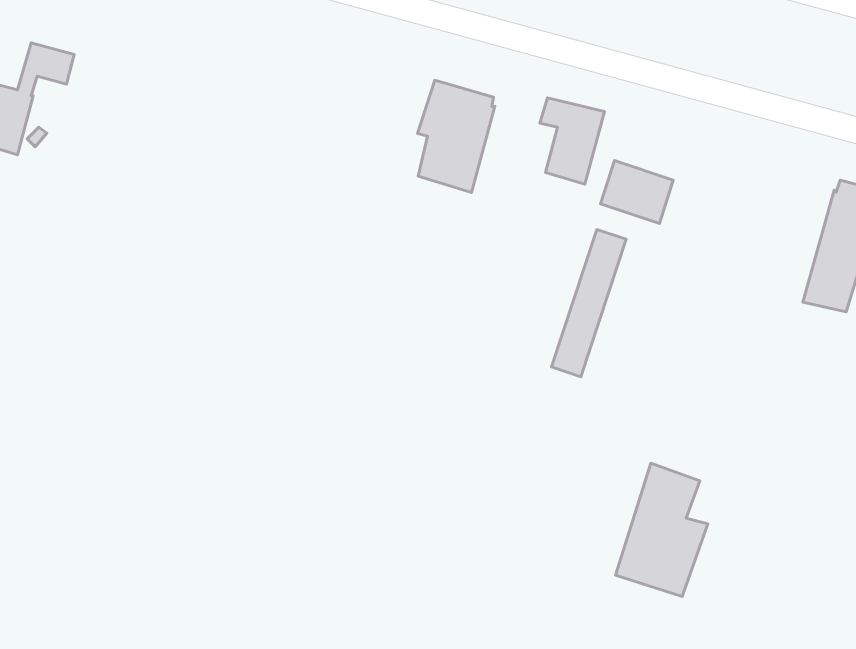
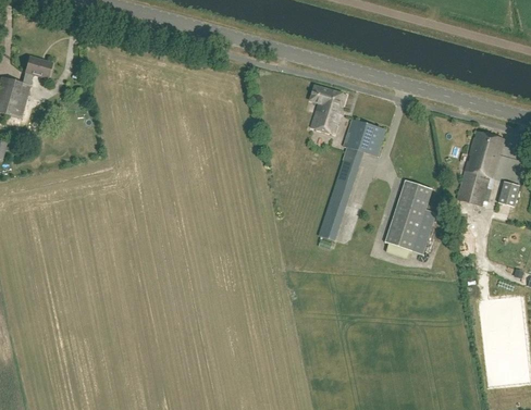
building: [418,80,495,192] -> none
building: [616,463,708,597] -> [385,179,436,253]

